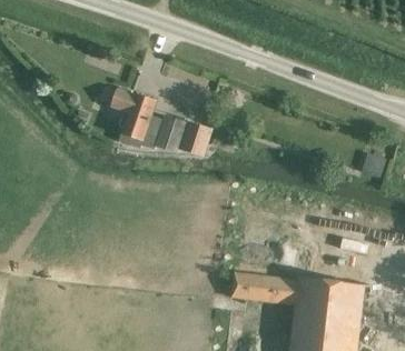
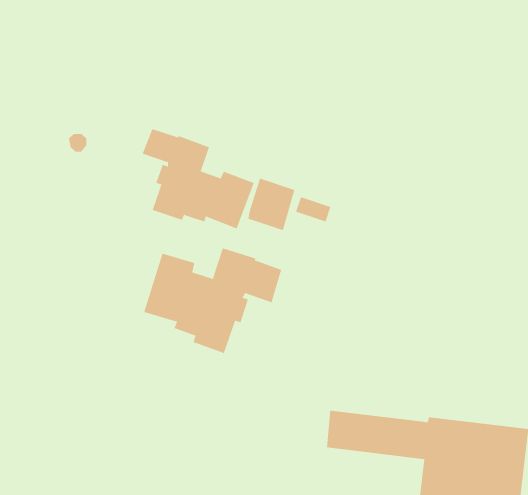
building: none -> [143,247,282,354]

